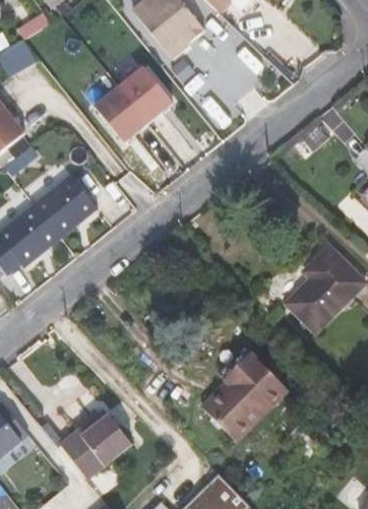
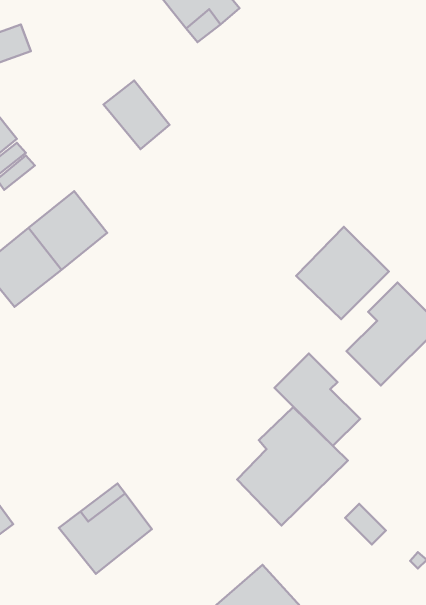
building: [118,66,172,122] -> none
building: none -> [296,227,389,319]
building: none -> [275,354,360,446]

